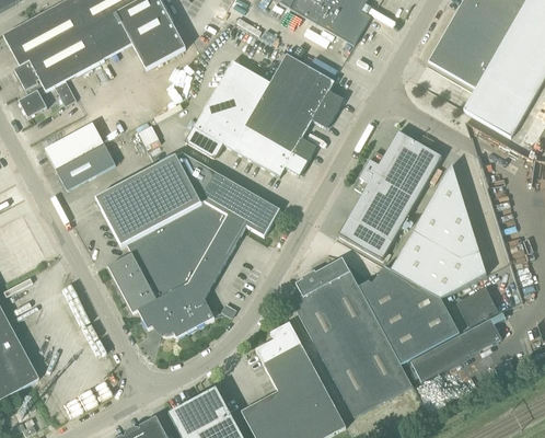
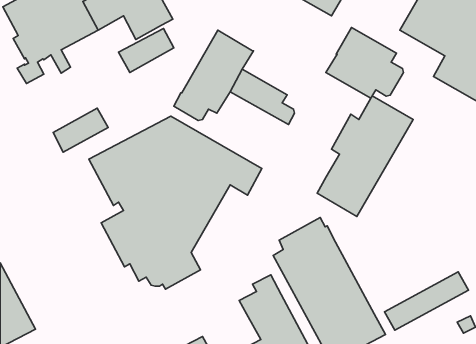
building: [259,54,343,129] -> [326,28,404,98]
building: [45,123,104,170] -> [118,29,174,73]
building: [232,126,309,176] -> none
building: [359,163,487,364] -> none
building: [456,287,499,327] -> none

